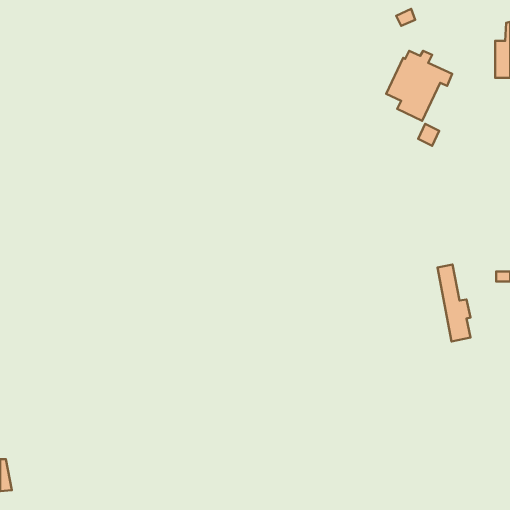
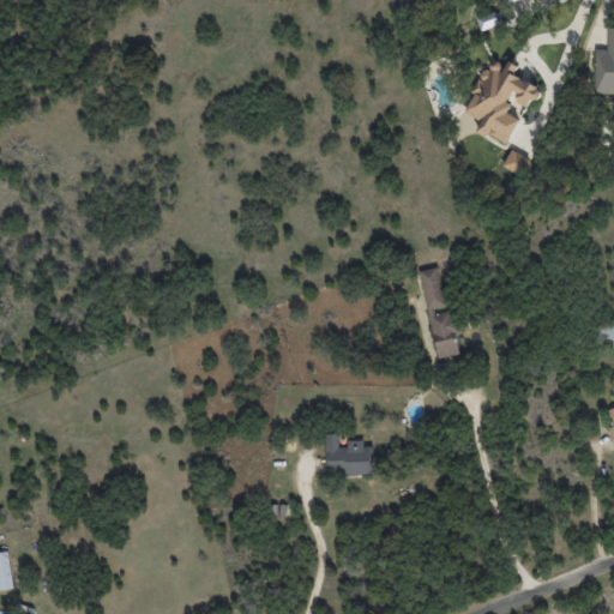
building: [437,265,470,341] -> [420,266,459,359]
building: none -> [326,434,372,475]

